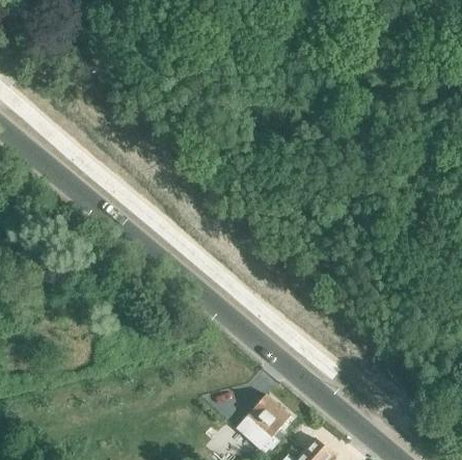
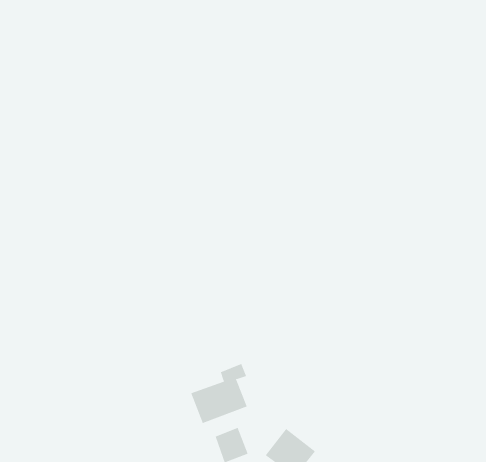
building: none -> [191,363,248,424]

